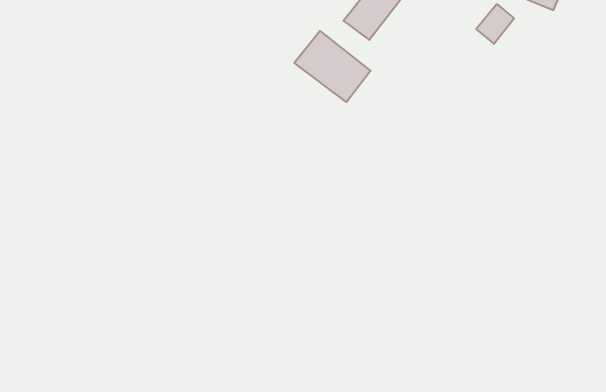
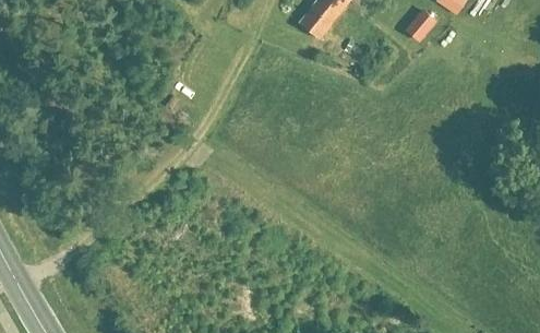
building: [294,31,371,102] -> none

